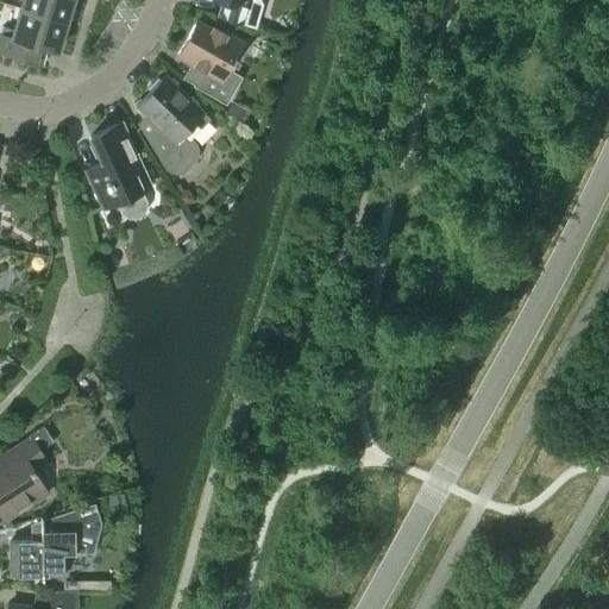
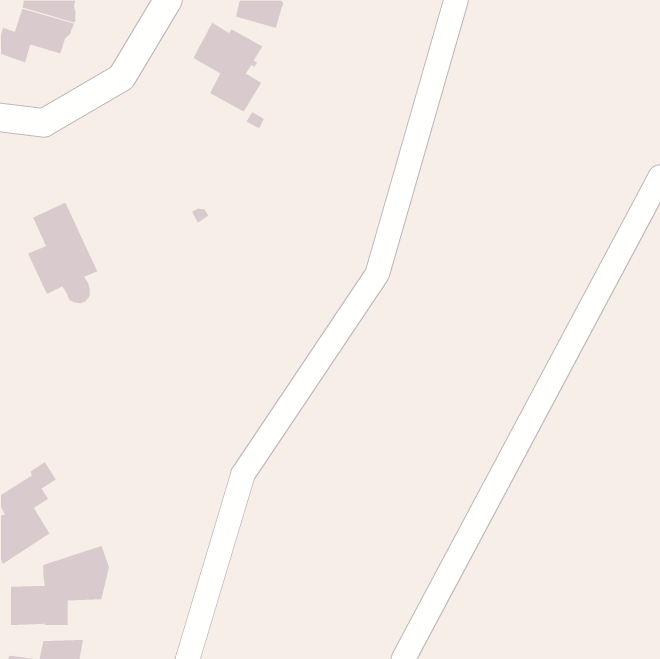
building: [136,76,209,175] -> none
building: [84,123,150,216] -> [27,202,98,304]

